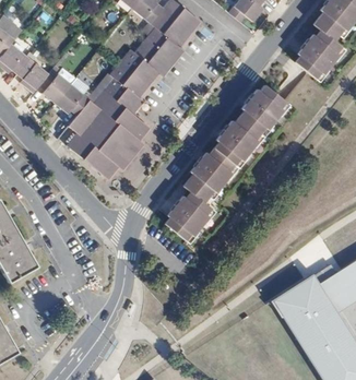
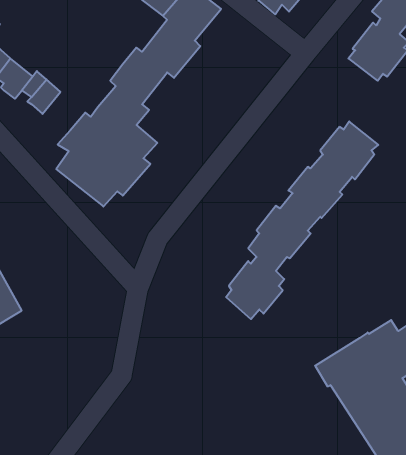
building: [56,78,90,116] -> none
building: [166,80,286,236] -> [226,121,378,319]

